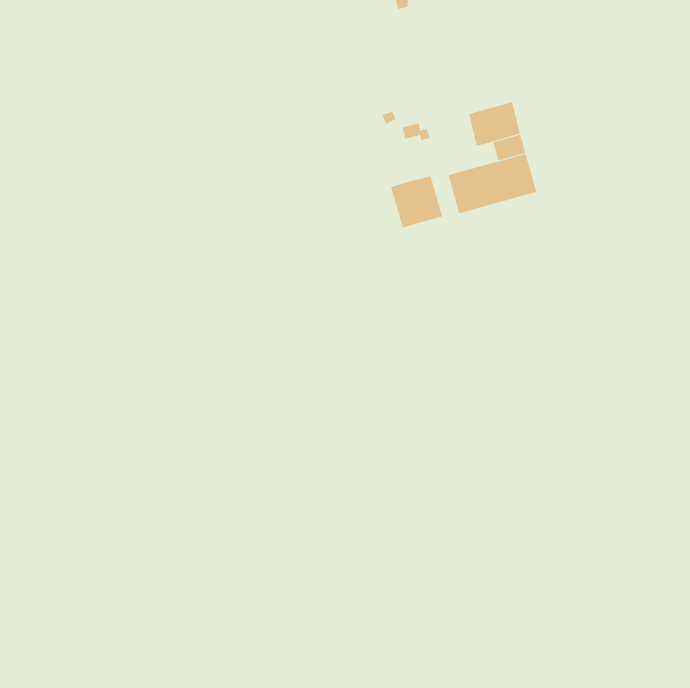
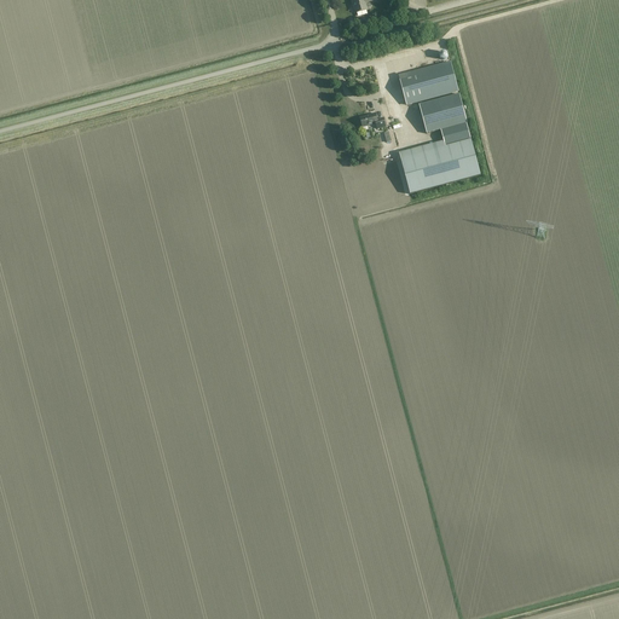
building: none -> [398,59,457,102]
building: [391,176,443,228] -> none

